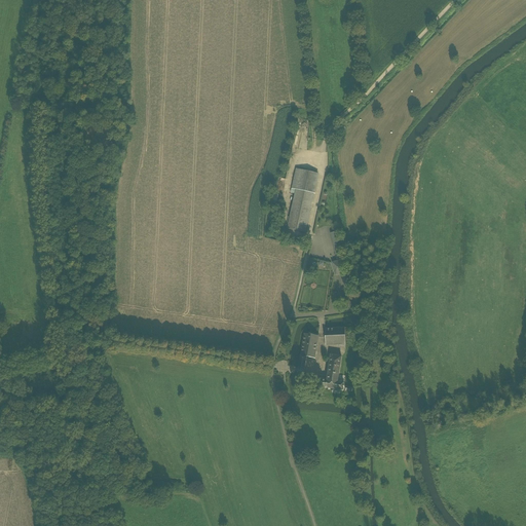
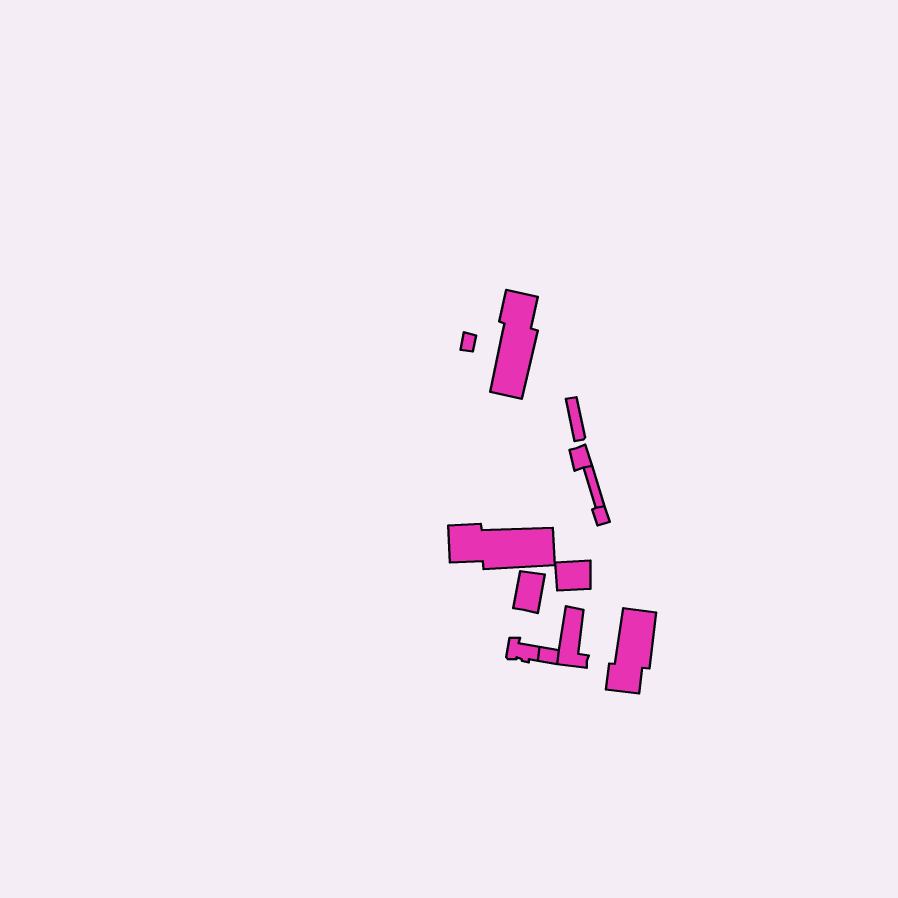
building: none -> [448,524,555,569]
building: none -> [606,608,656,694]

